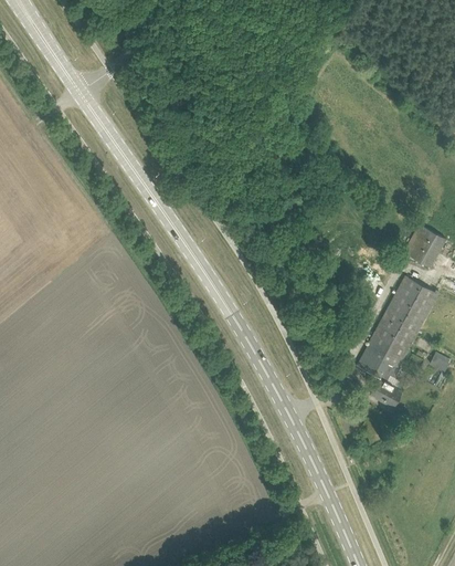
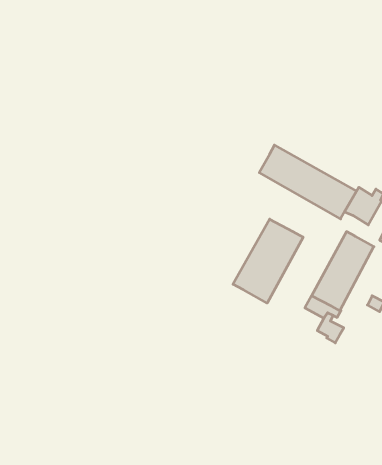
building: none -> [259,145,357,219]
building: none -> [233,219,303,303]

